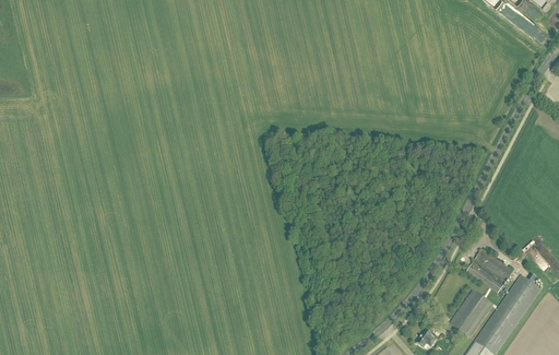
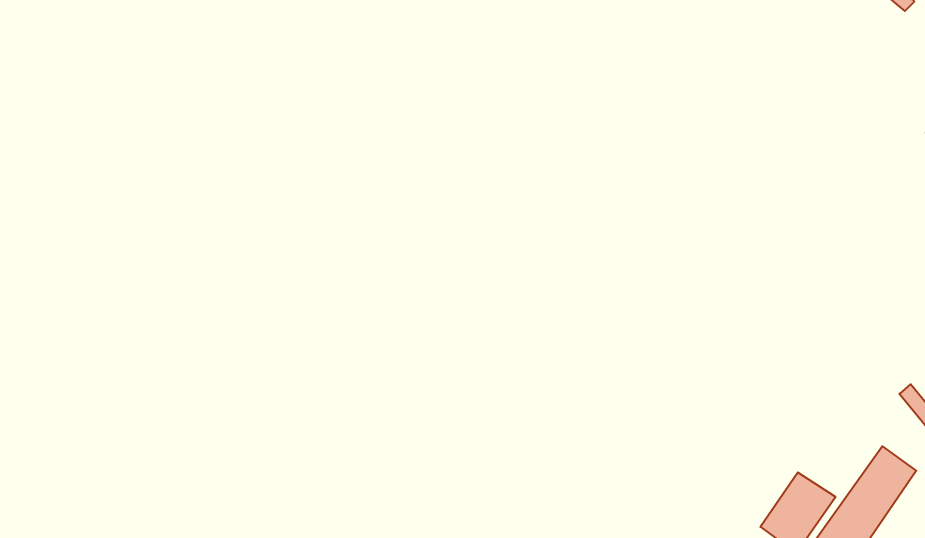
building: [466,248,513,292] -> none

